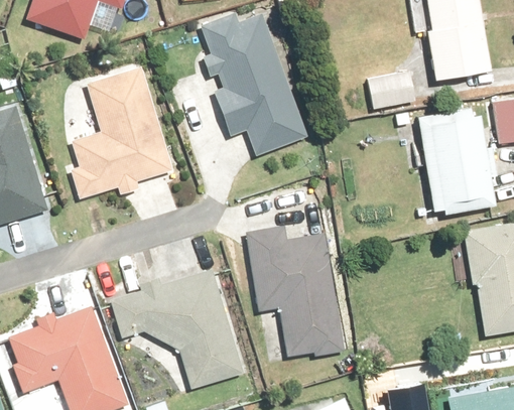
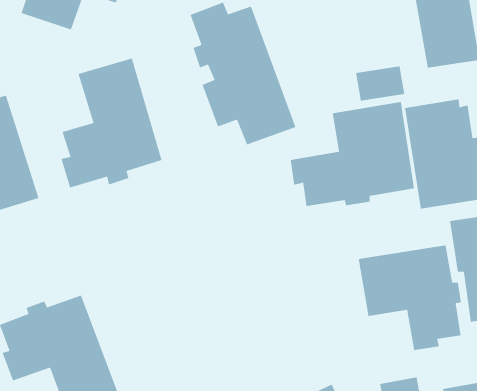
building: none -> [290,101,415,207]
building: [245,225,343,355] -> none
building: none -> [358,245,462,351]
building: [109,267,242,386] -> none

